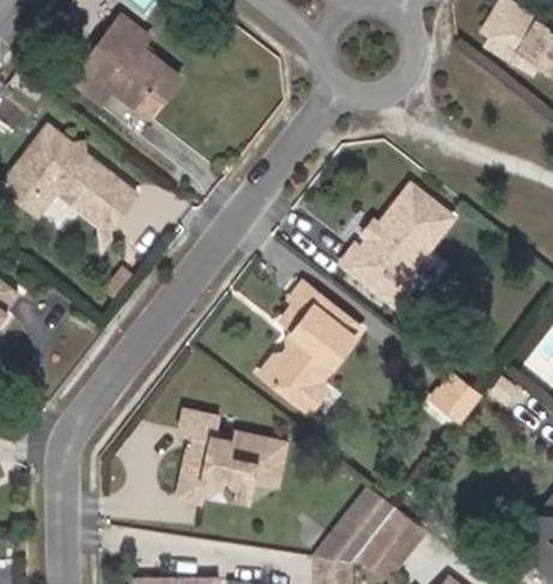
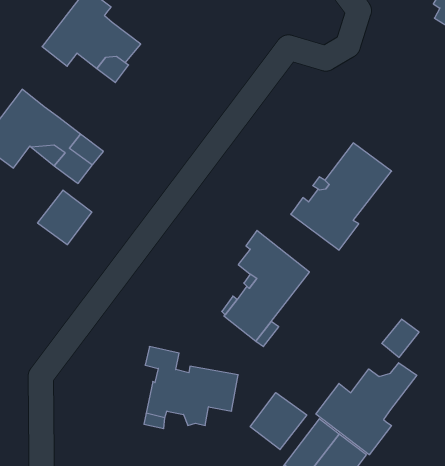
building: none -> [38,190,92,245]
building: none -> [316,363,417,455]
building: none -> [250,393,307,450]

